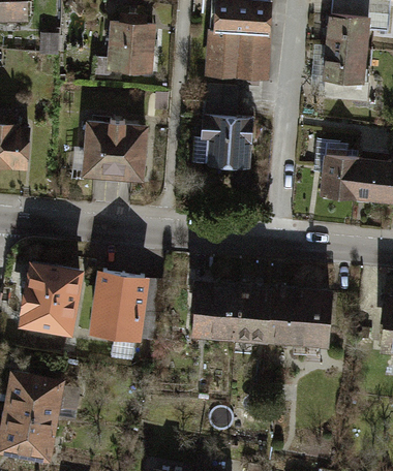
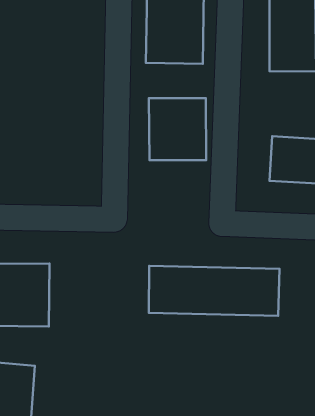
building: [91,22,156,74] -> none
building: [82,117,151,182] -> none
building: [92,274,148,341] -> none

